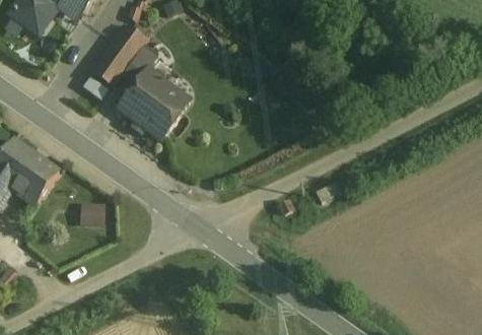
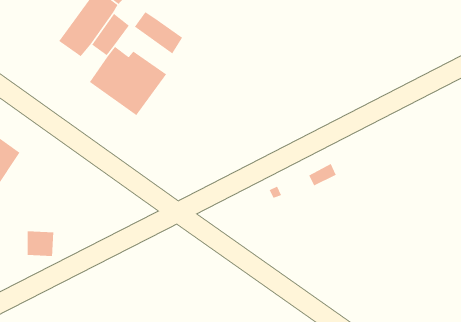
building: none -> [134,11,183,54]
building: [81,201,106,224] -> [27,231,54,257]

